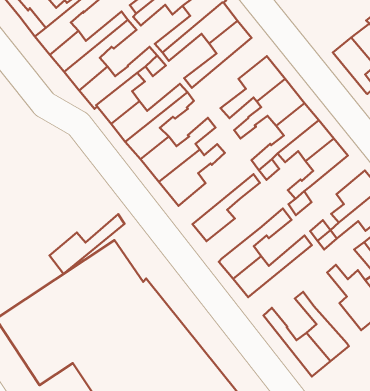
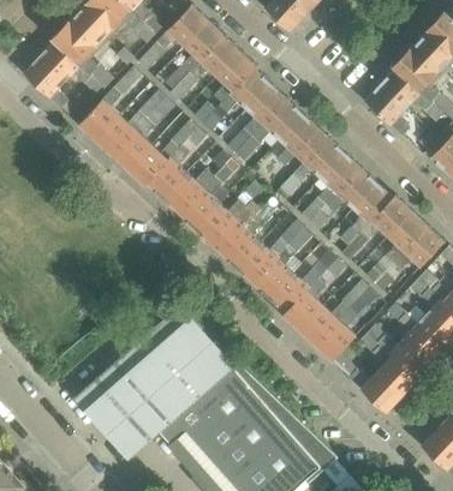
building: none -> [234,98,302,162]
building: none -> [359,196,410,240]
building: none -> [268,251,336,312]
building: [50,214,125,274] -> [237,220,304,283]
building: none -> [315,288,377,361]
building: none -> [366,324,427,377]

